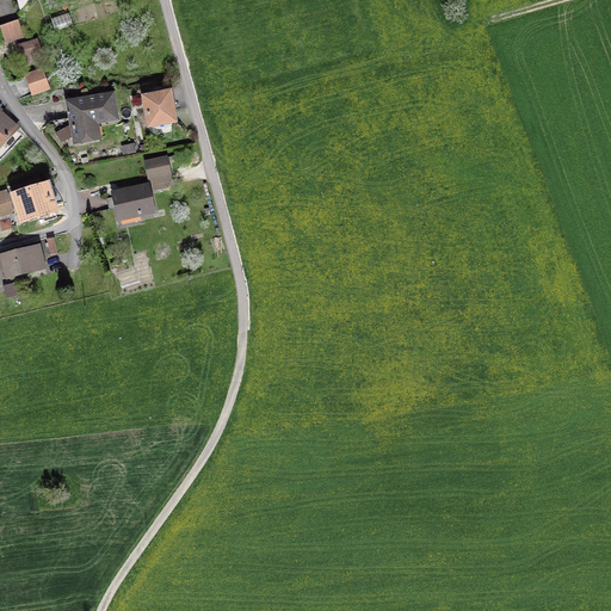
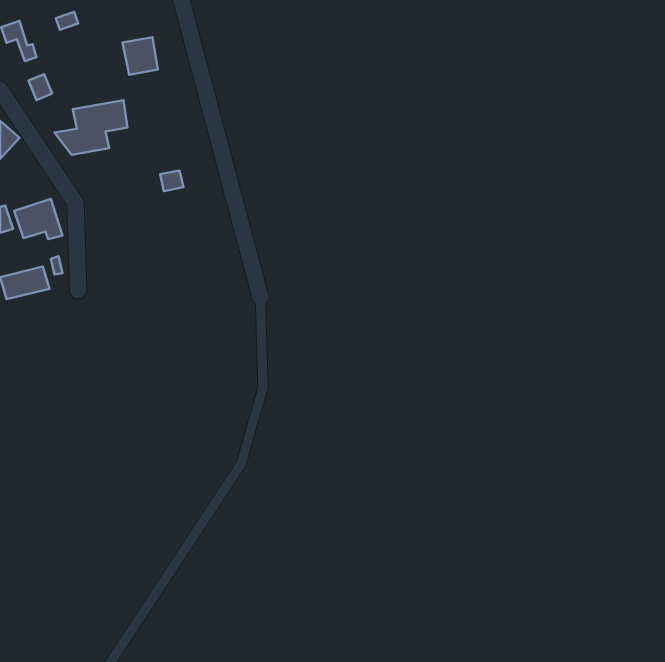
building: [143,90,175,124] -> [123,37,158,75]
building: [113,183,154,217] -> none

